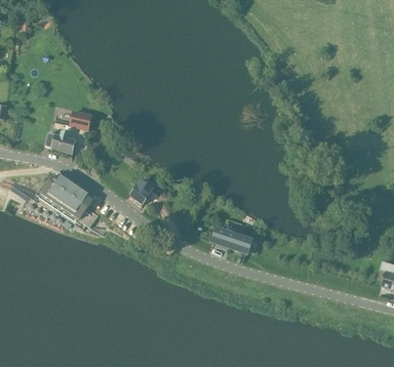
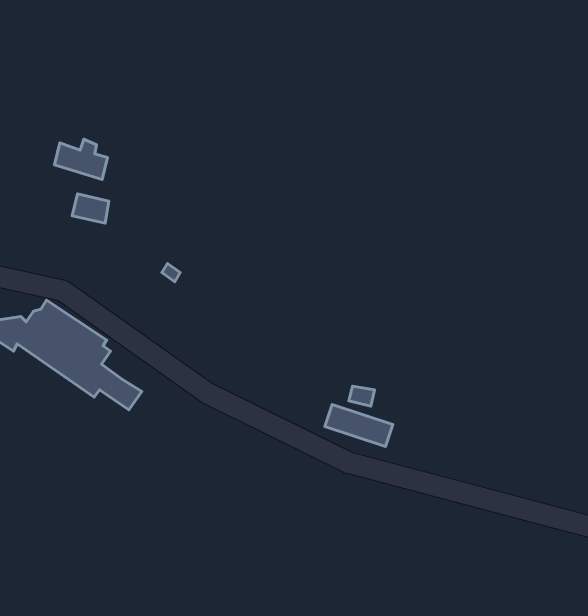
building: [45,130,75,153] -> [54,139,108,179]
building: [129,175,156,204] -> none

